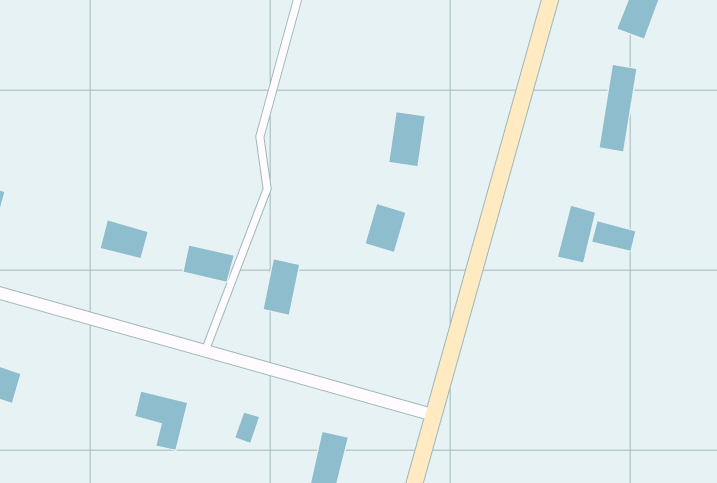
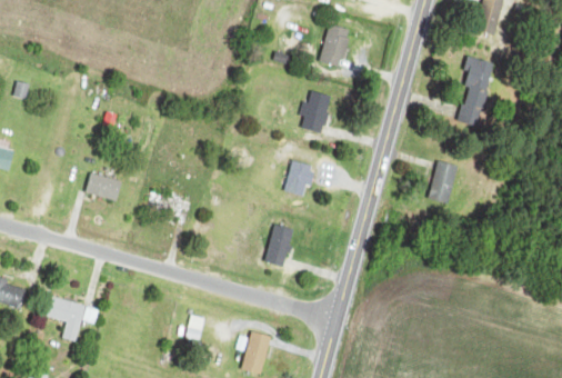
building: none -> [319,23,352,67]
building: [592,220,636,252] -> none
building: [263,259,300,315] -> [265,223,293,266]
building: [135,391,188,450] -> [47,297,87,341]

